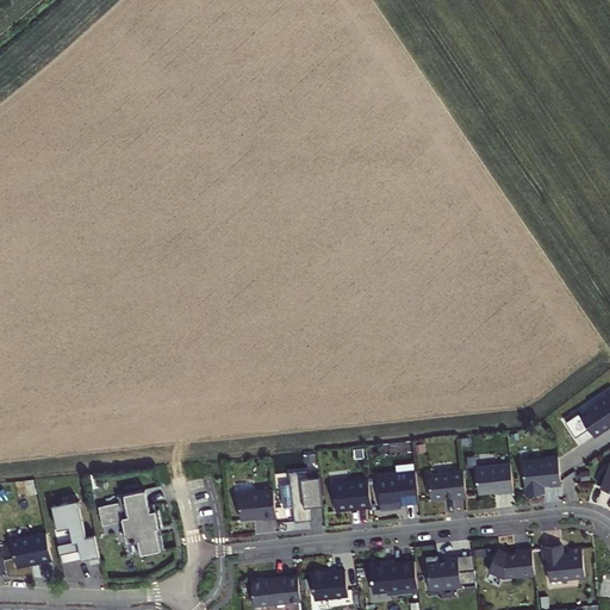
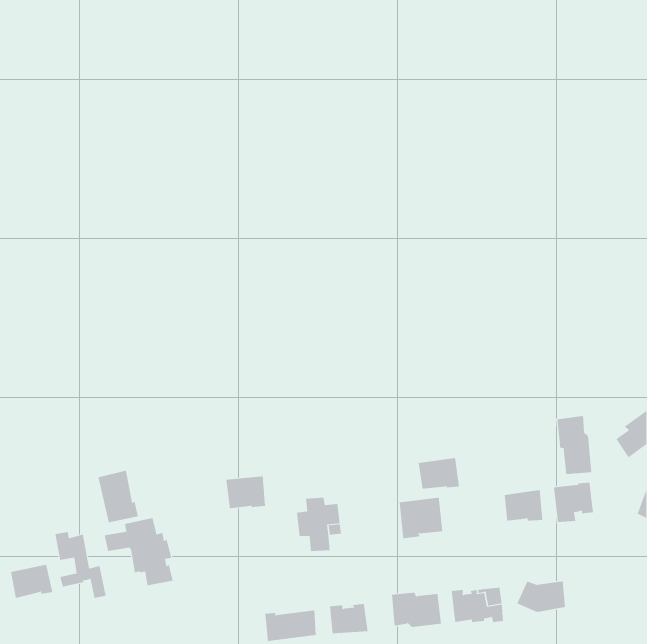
building: none -> [557,415,592,475]
building: none -> [98,470,139,523]
building: [425,469,465,499] -> [418,458,460,489]
building: [331,478,369,510] -> none
building: [236,490,274,521] -> [225,476,266,509]
building: [541,544,583,580] -> none

